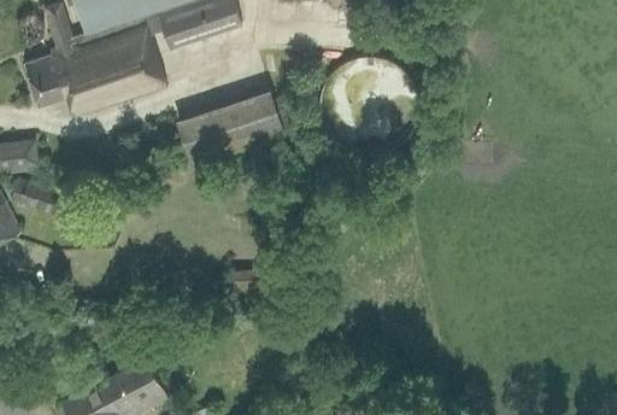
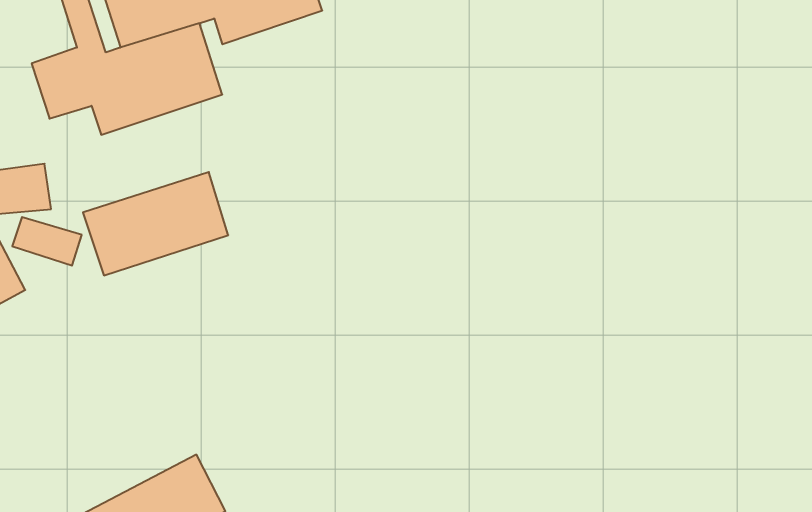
building: [176,88,284,165] -> [83,172,228,275]

